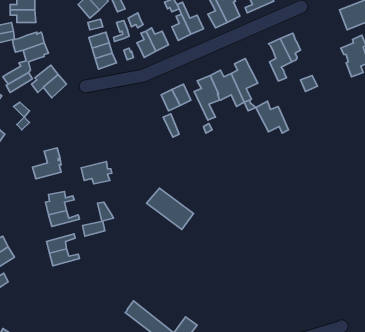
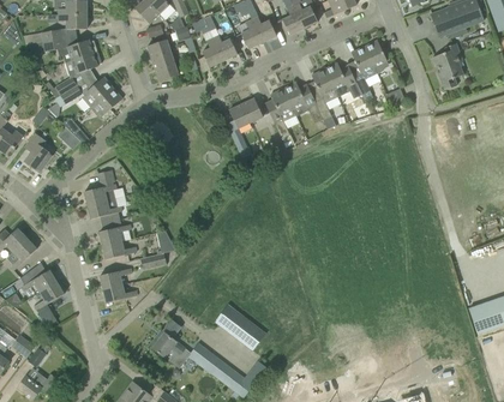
building: [256,101,289,133] -> [324,61,361,97]
building: [81,161,112,184] -> [88,197,122,222]
building: [147,188,193,230] -> [214,304,266,350]
building: none -> [149,319,191,367]

